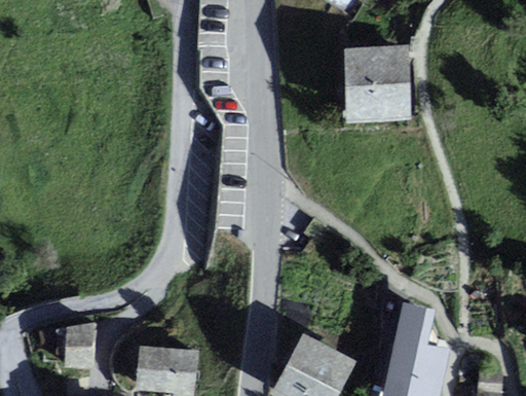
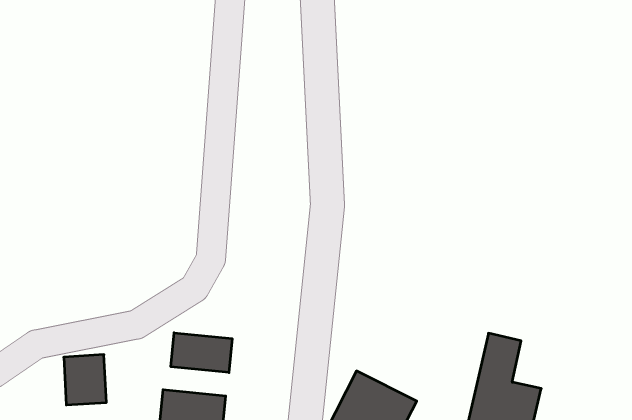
building: [345,50,409,117] -> none
building: none -> [171,333,232,373]

